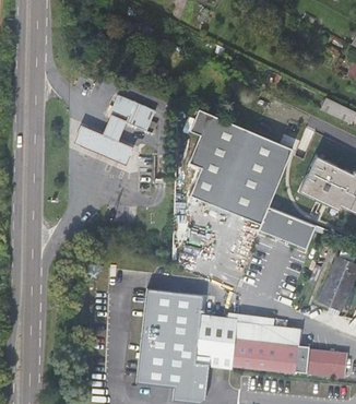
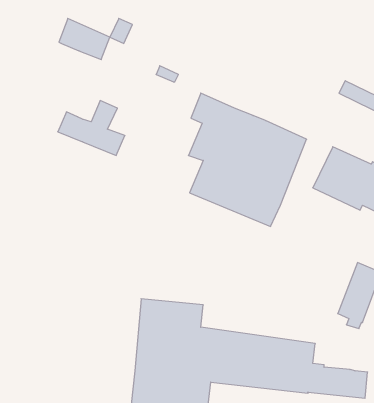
building: [109,94,154,130] -> [59,18,110,60]
building: [259,207,318,250] -> none

